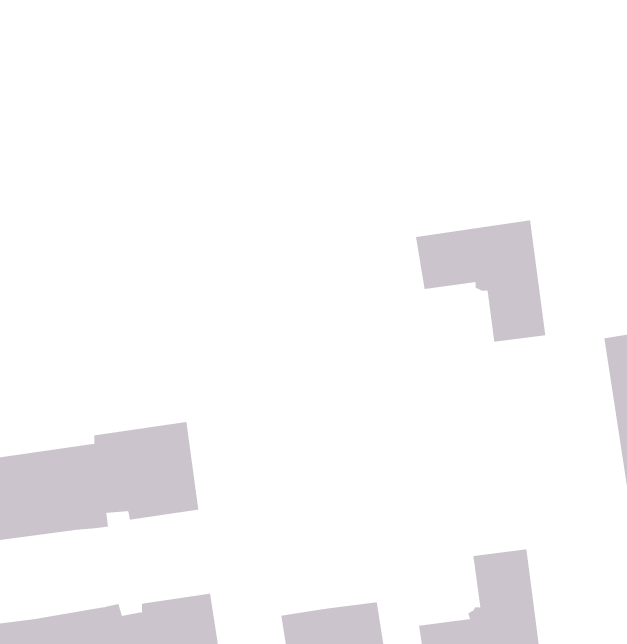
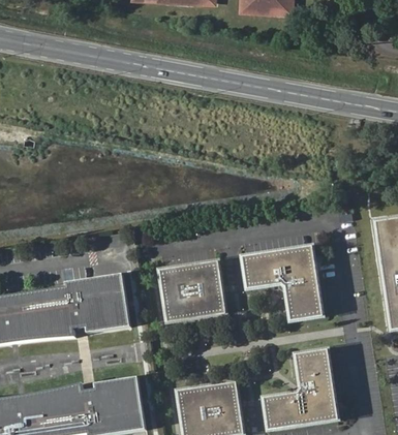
building: [415,220,546,342] -> [242,246,322,320]
building: none -> [158,260,225,321]

